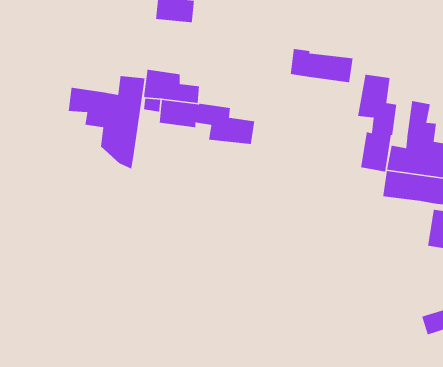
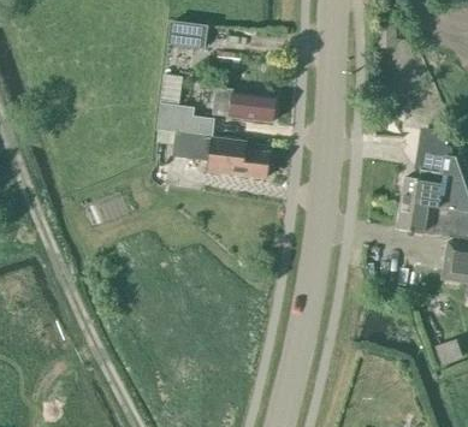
building: [290,48,353,83] -> [213,87,277,121]
building: [357,74,397,173] -> none
building: [68,75,146,170] -> none

